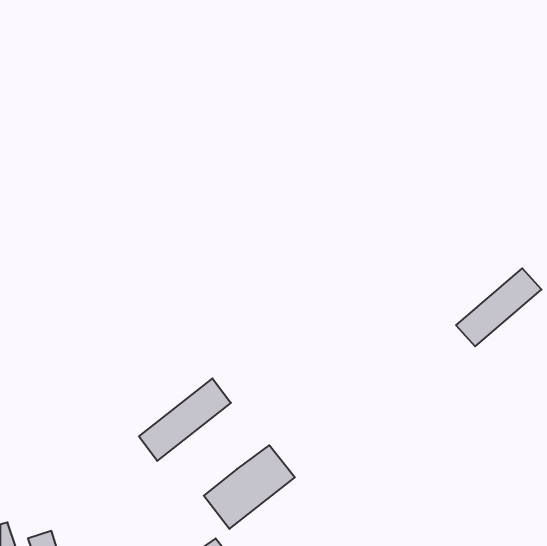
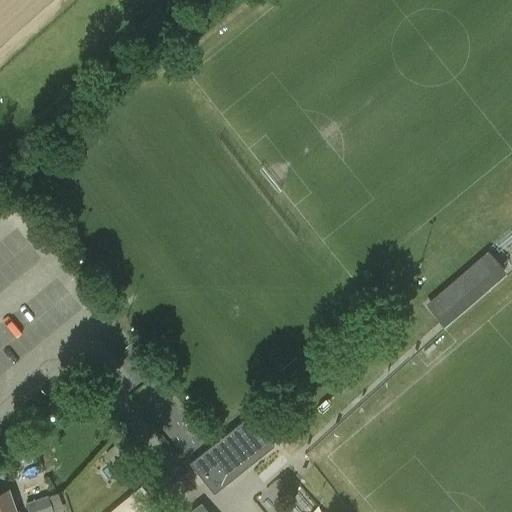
building: [139,378,231,461] -> none

